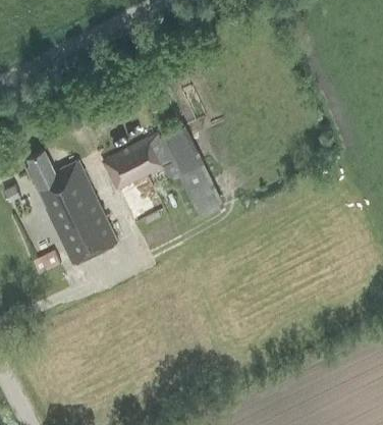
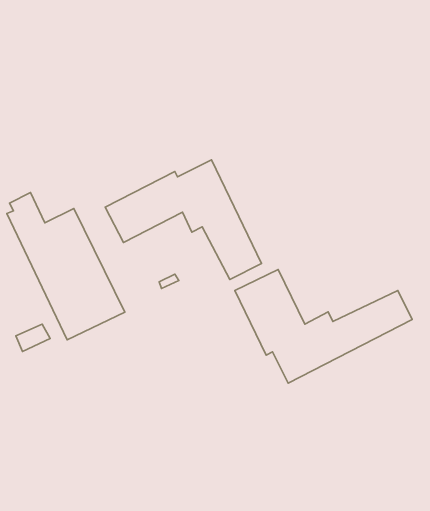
building: none -> [235,269,412,383]

